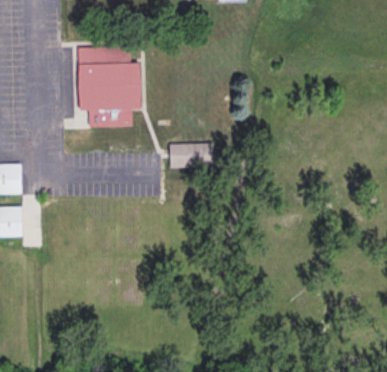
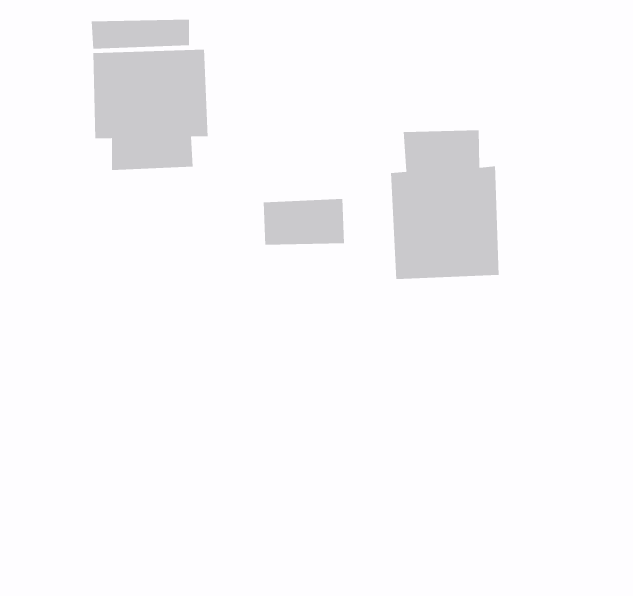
building: none -> [390,130,499,280]

